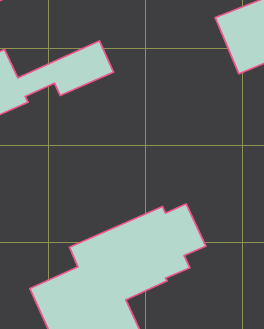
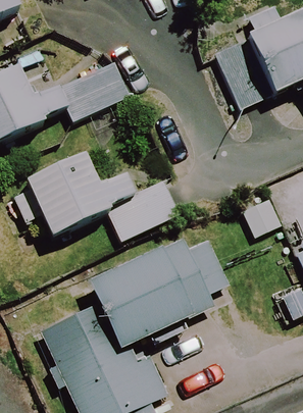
building: none -> [21,158,136,241]

